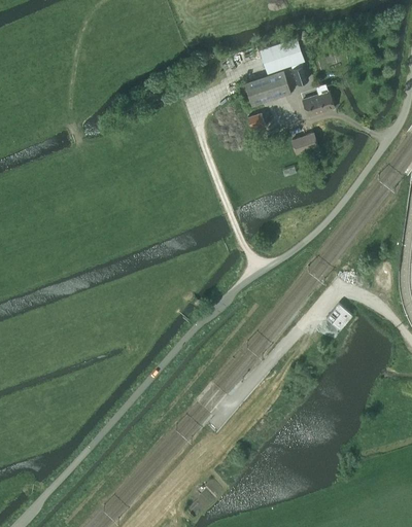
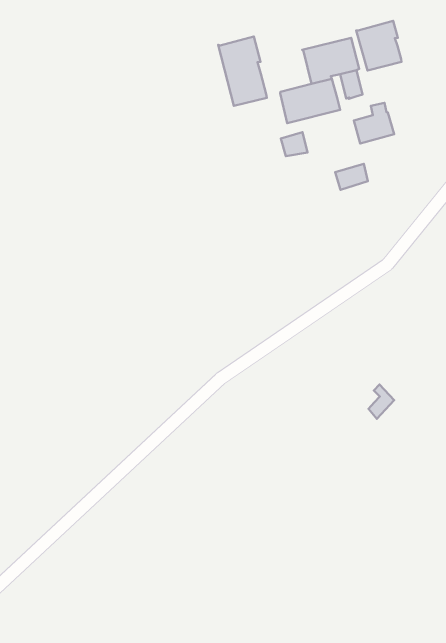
building: none -> [356,21,401,71]
building: none -> [218,37,267,106]

